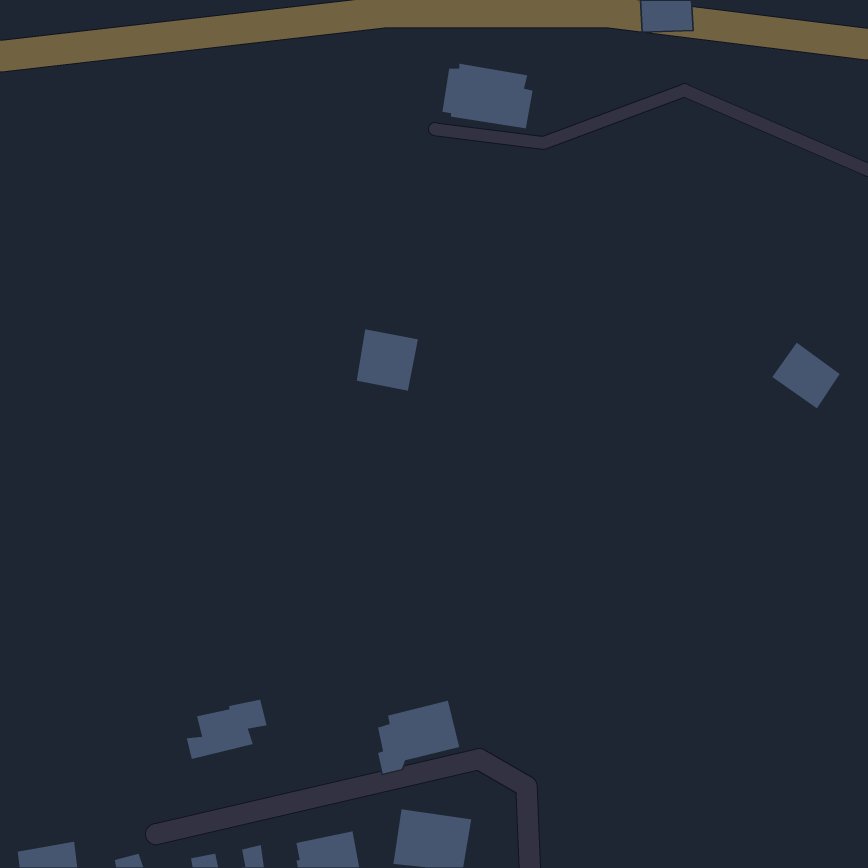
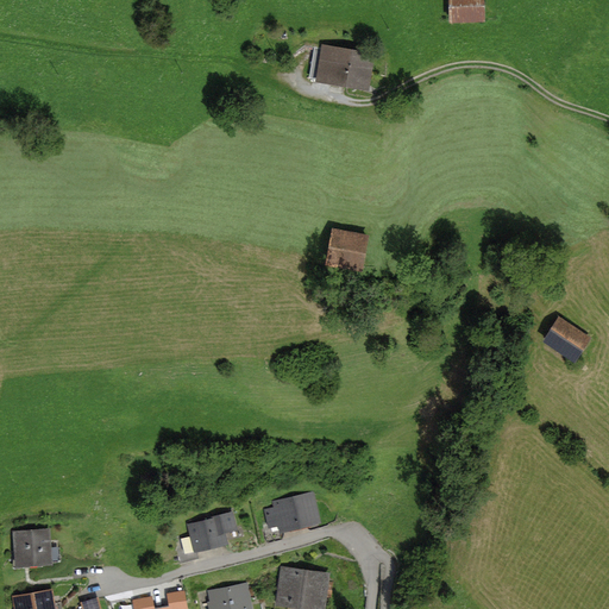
building: [356,329,419,391] -> [326,228,370,272]
building: [771,342,841,410] -> [541,316,590,364]
building: [186,699,268,760] -> [181,511,238,554]
building: none -> [12,527,59,567]

